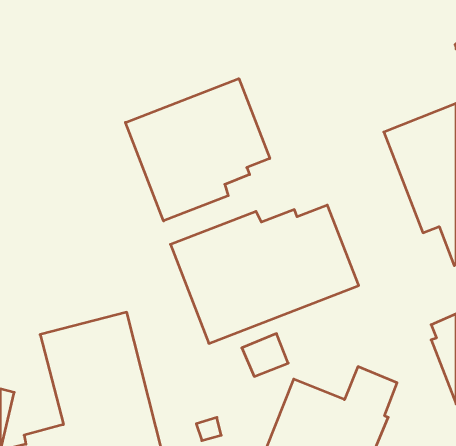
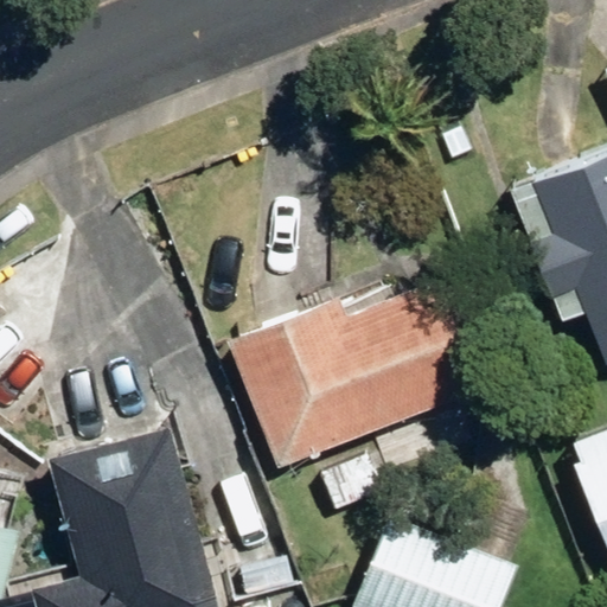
building: [125,79,270,221] -> none

